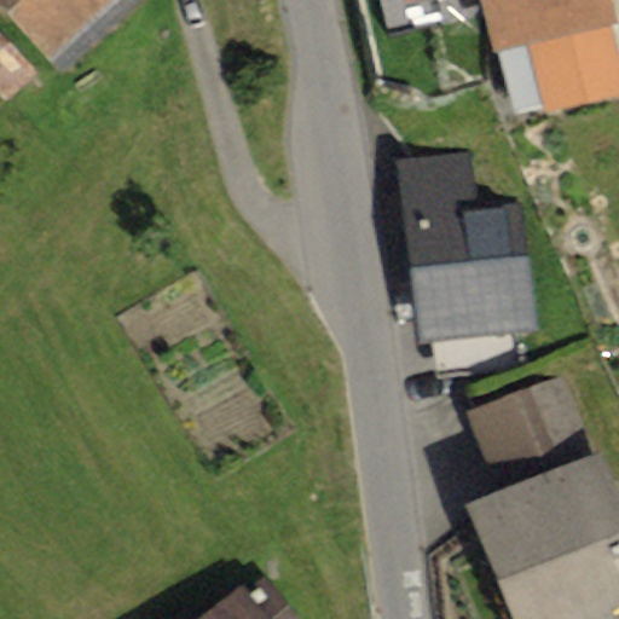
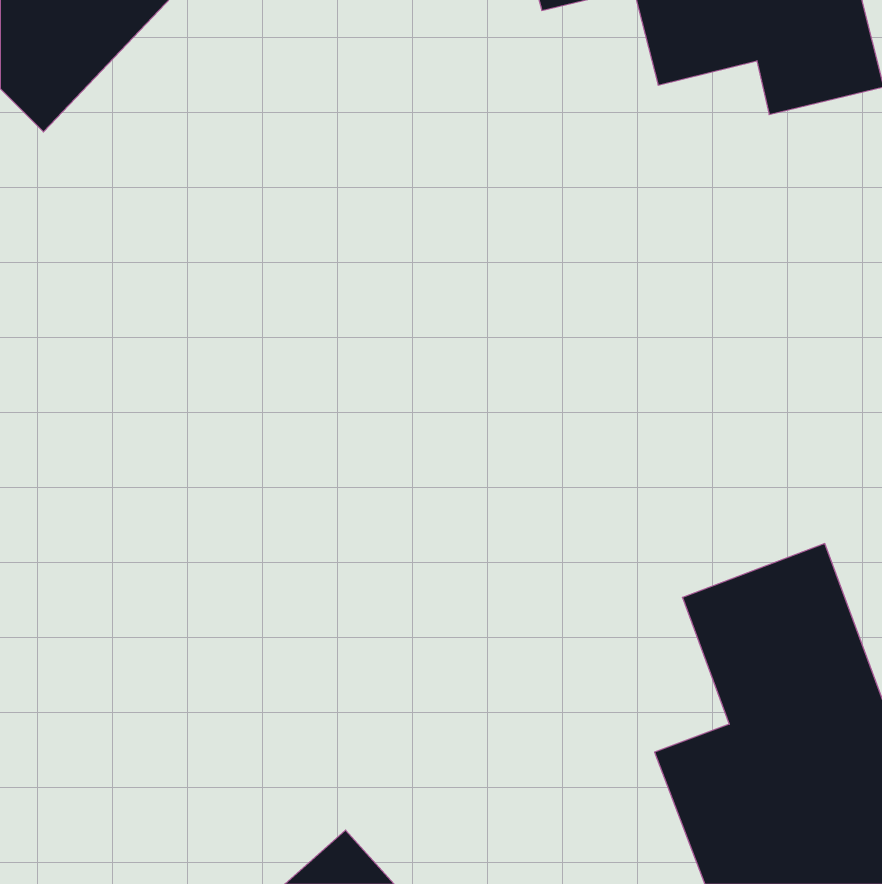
building: [398,166,545,347] -> none

